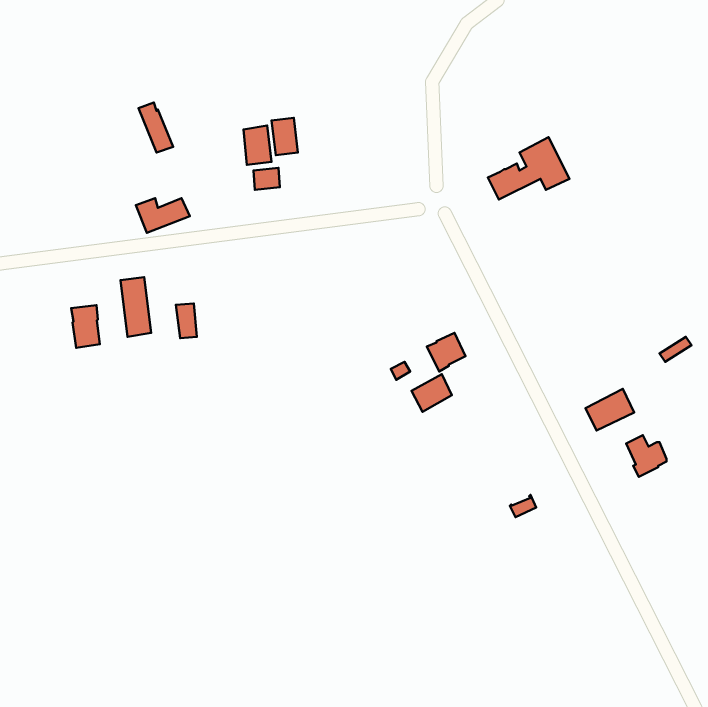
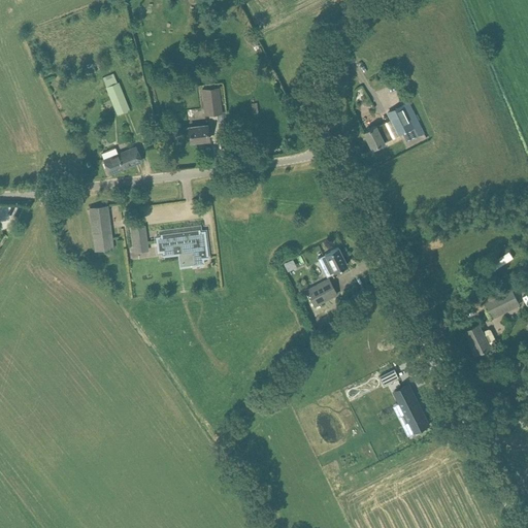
building: [244,125,271,165] -> none
building: [71,305,100,348] -> none
building: none -> [156,231,208,266]
building: [586,389,634,430] -> [484,288,520,319]
building: none -> [396,385,431,433]

